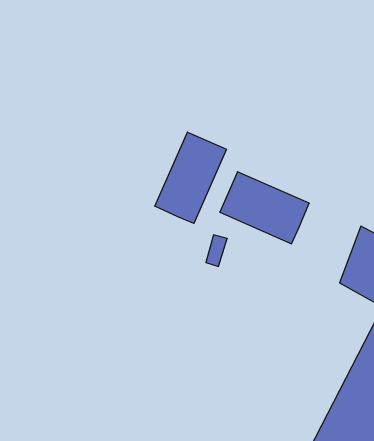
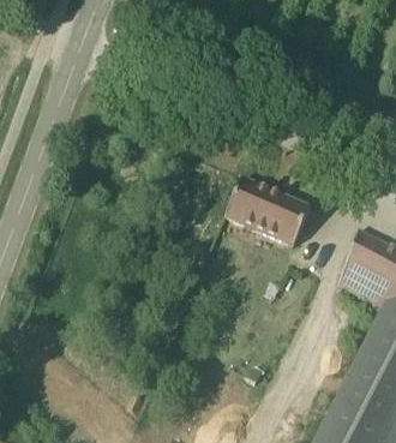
building: [155,132,226,223] -> none

